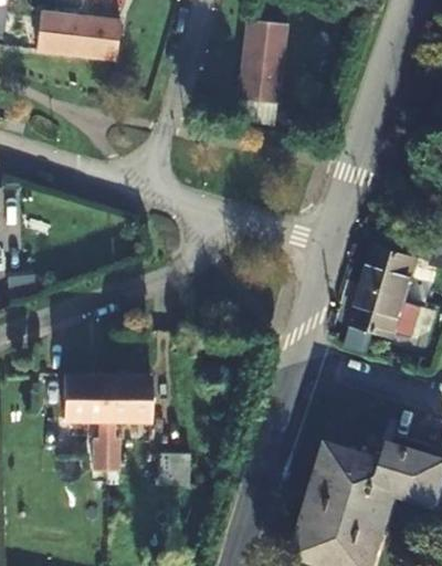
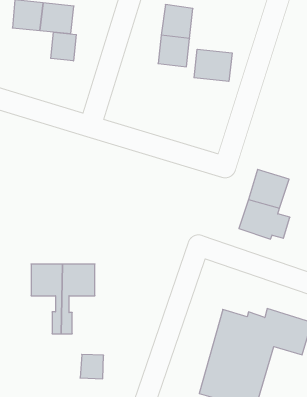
building: none -> [51,32,76,61]
building: none -> [194,49,232,81]
building: [161,453,193,486] -> [80,354,104,379]

